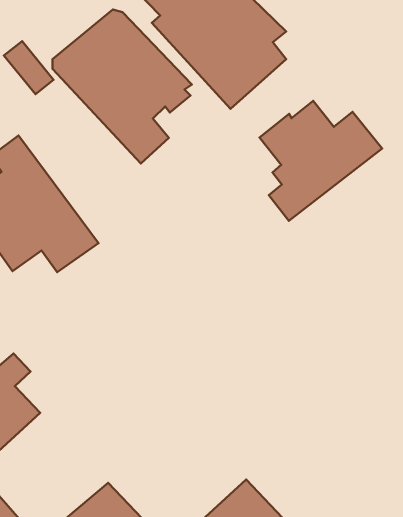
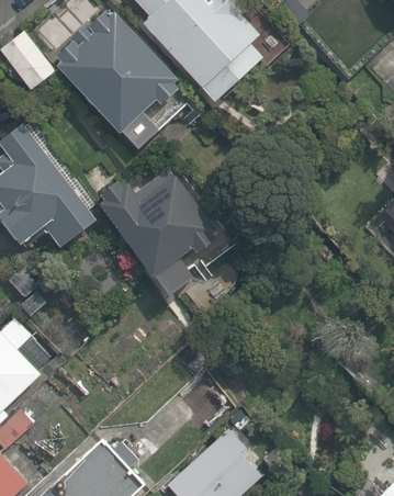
building: [259,101,382,221] -> none
building: none -> [89,162,228,292]

